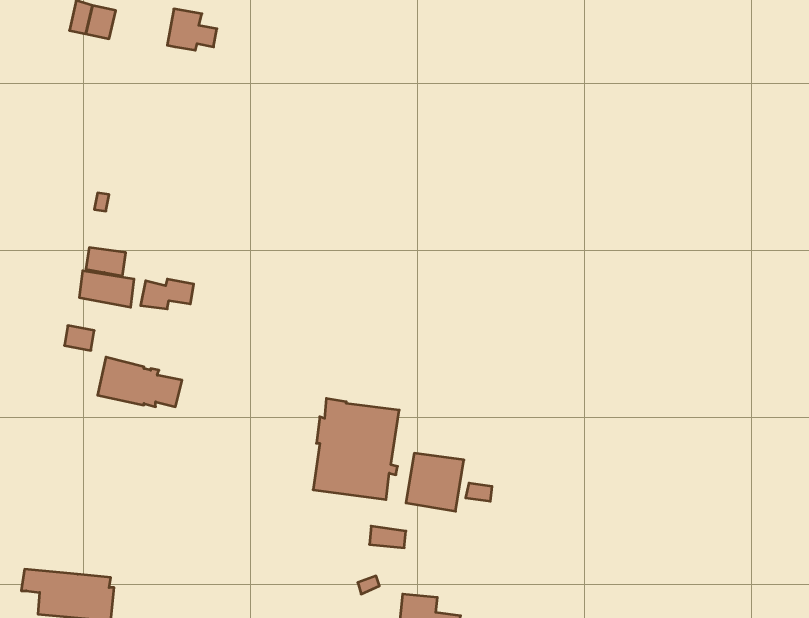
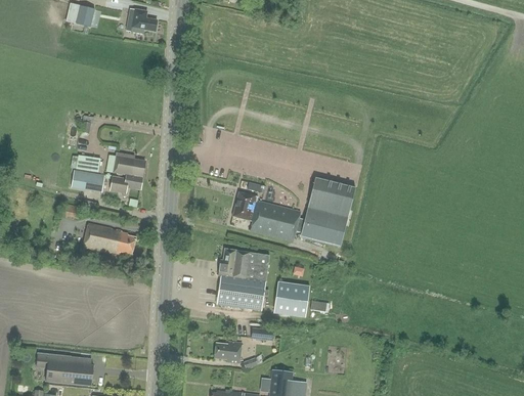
building: none -> [113,152,145,177]
building: none -> [232,177,355,247]
building: none -> [214,341,242,362]

